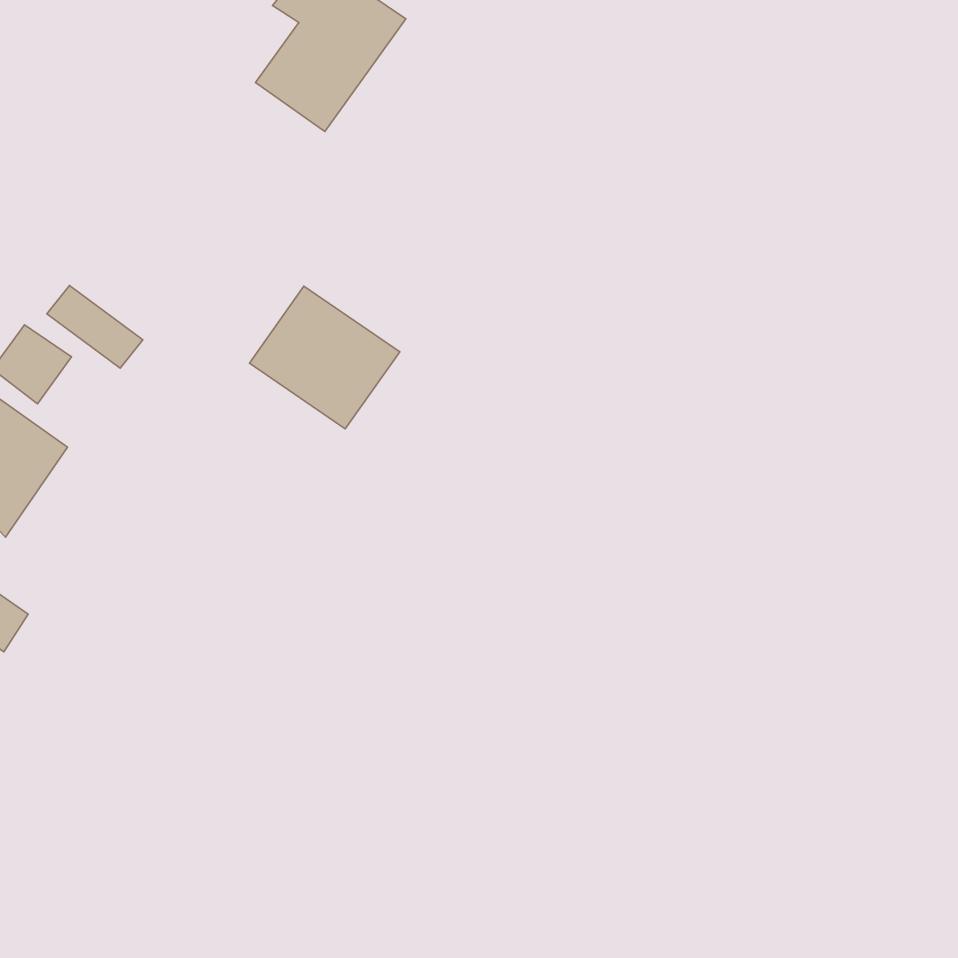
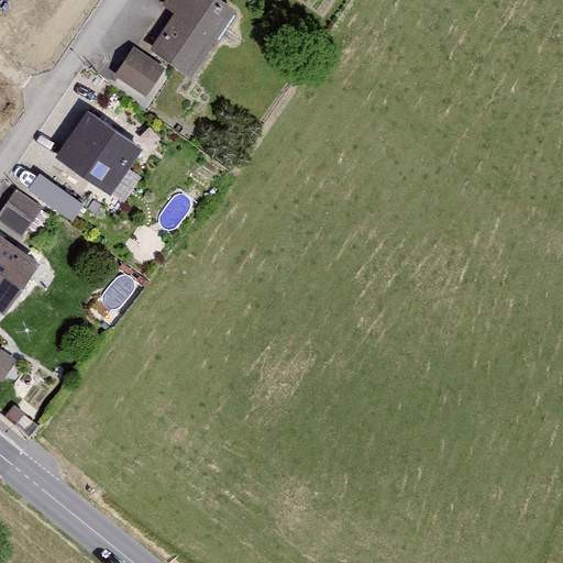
building: none -> [113,46,165,97]
building: [250,286,400,429] -> [54,111,142,195]

